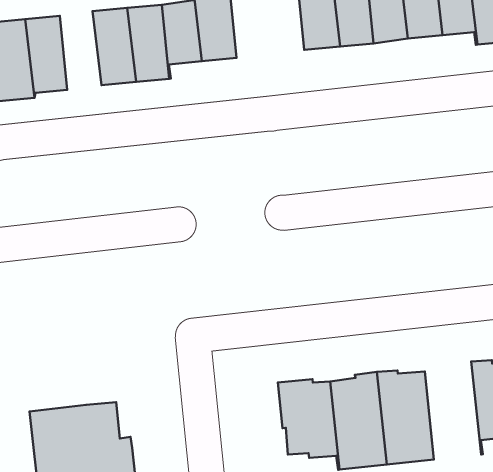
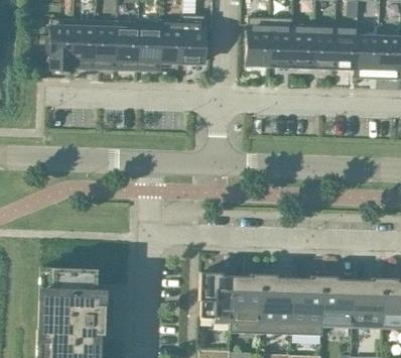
building: none -> [94,21,117,69]
building: none -> [292,276,324,336]

